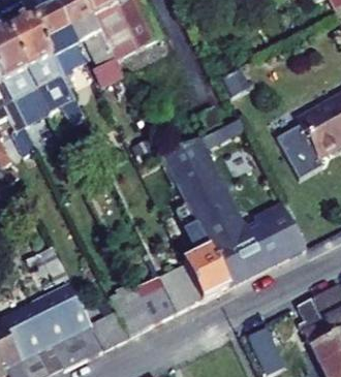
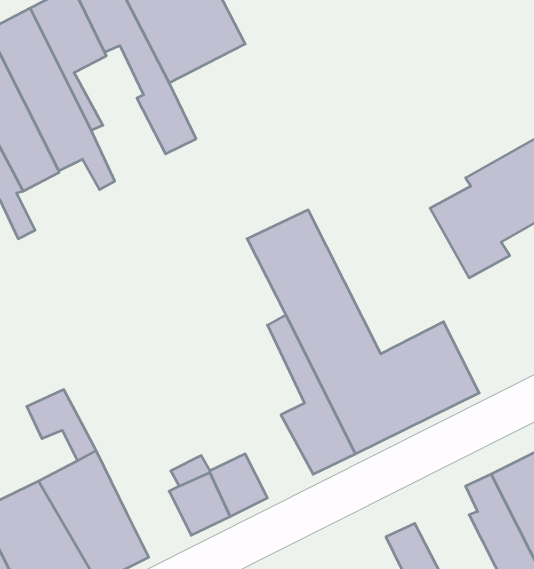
building: [163,261,203,311] -> none
building: [89,308,128,348] -> none

